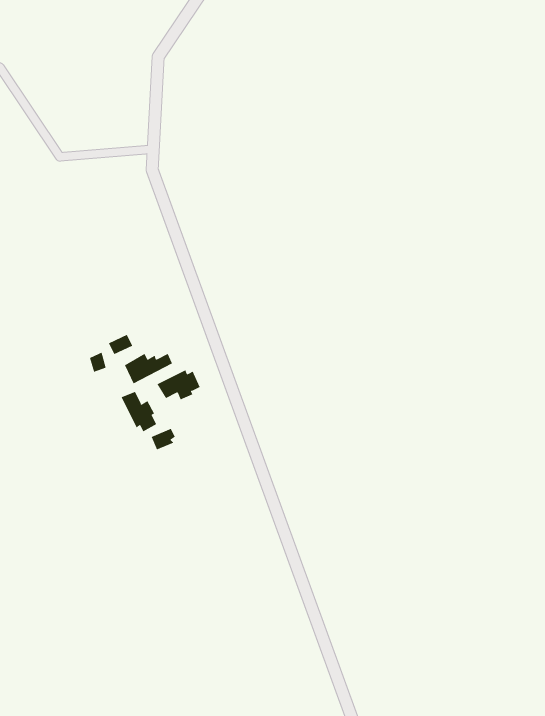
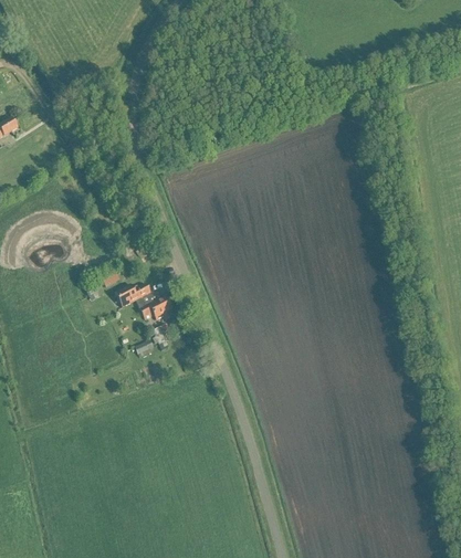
building: [121,391,157,432] -> none

